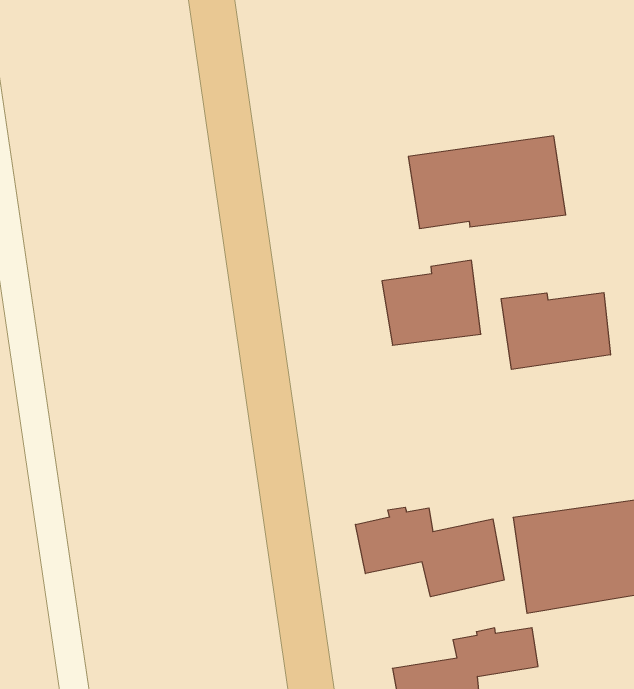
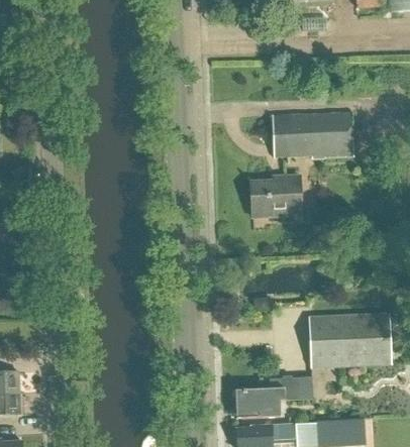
building: [501,293,610,369] -> none
building: [355,507,504,597] -> none

